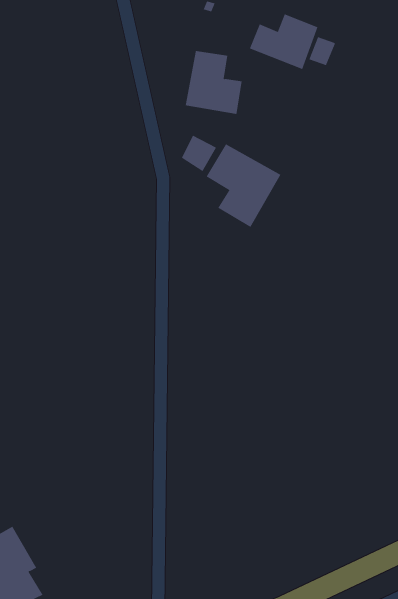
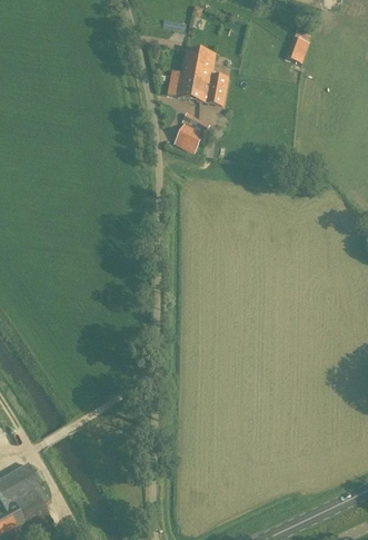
building: [249,13,318,70] -> none
building: [206,144,281,228] -> none

